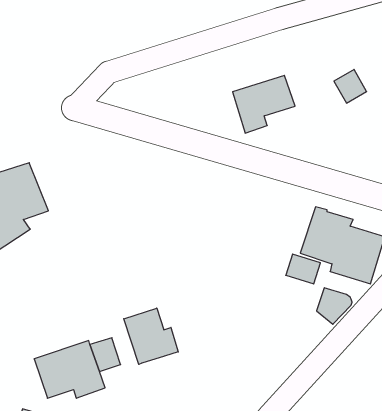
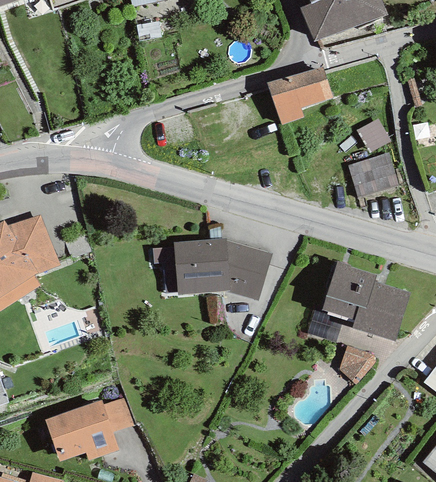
building: [233,75,295,133] -> [268,65,333,125]
building: none -> [348,153,399,197]
building: none -> [174,237,272,300]
building: [124,308,178,364] -> none

